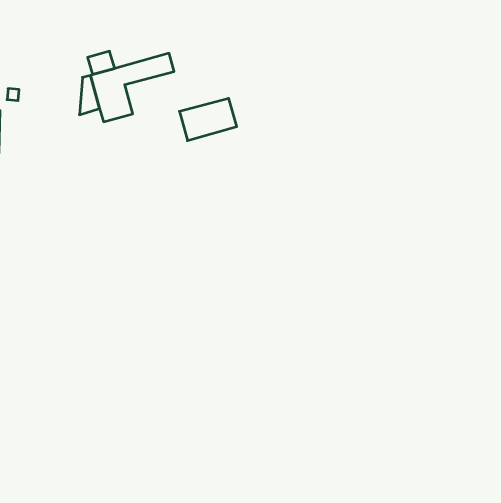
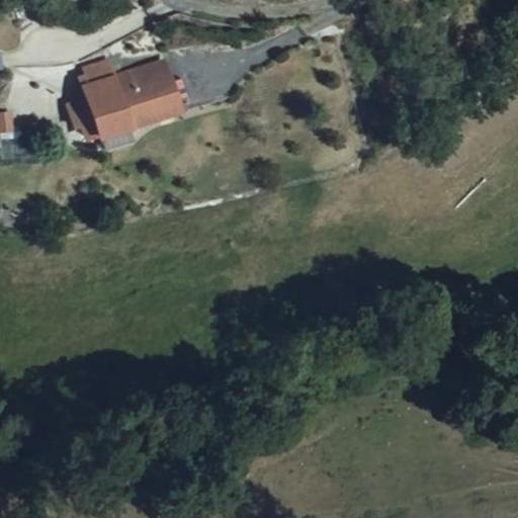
building: [179,98,237,141] -> [125,83,183,125]

